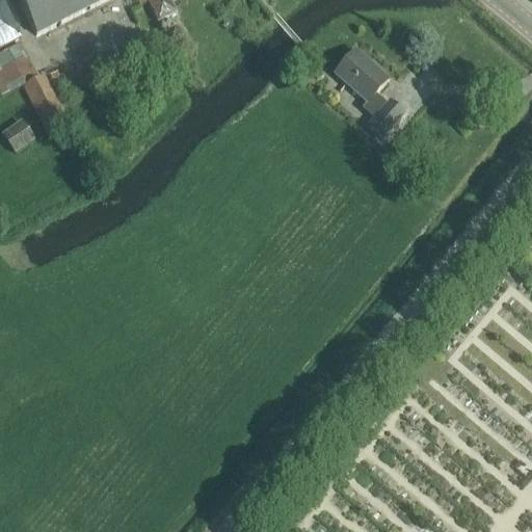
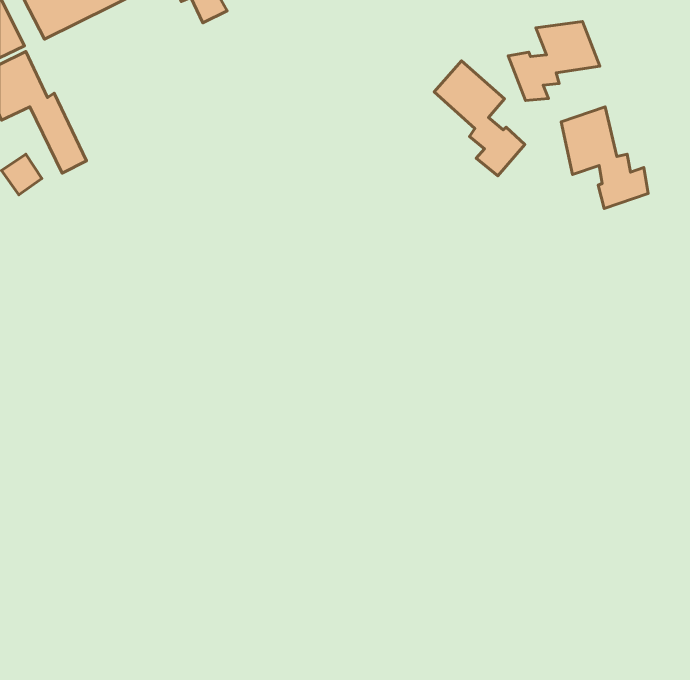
building: none -> [508,21,600,101]
building: none -> [561,107,648,209]

